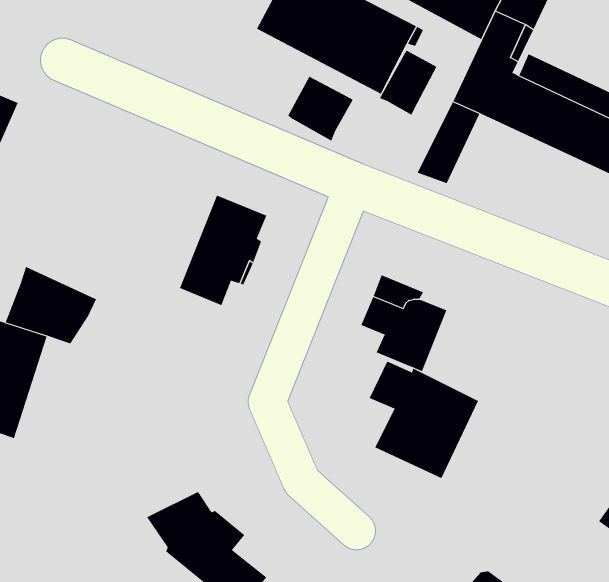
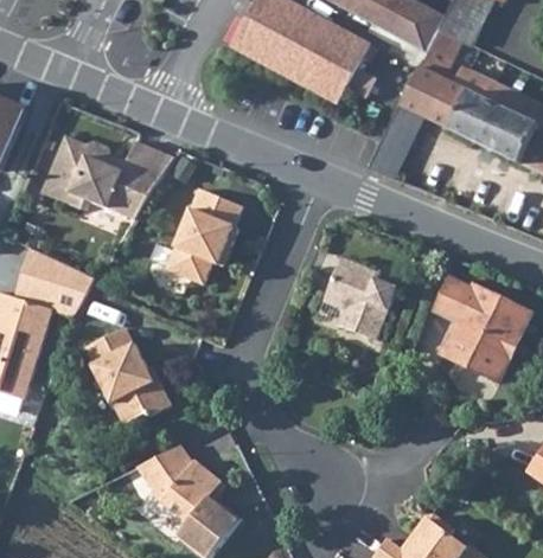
building: [379,50,437,115] -> none
building: [287,76,354,141] -> none
building: none -> [40,135,173,219]
building: none -> [87,327,171,423]
building: [369,361,479,479] -> [435,278,530,380]

